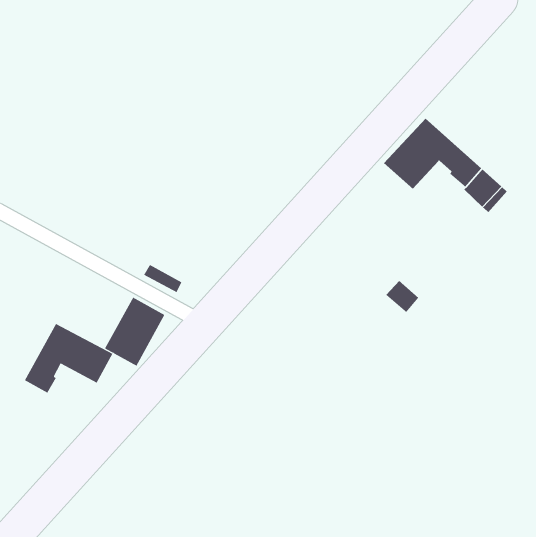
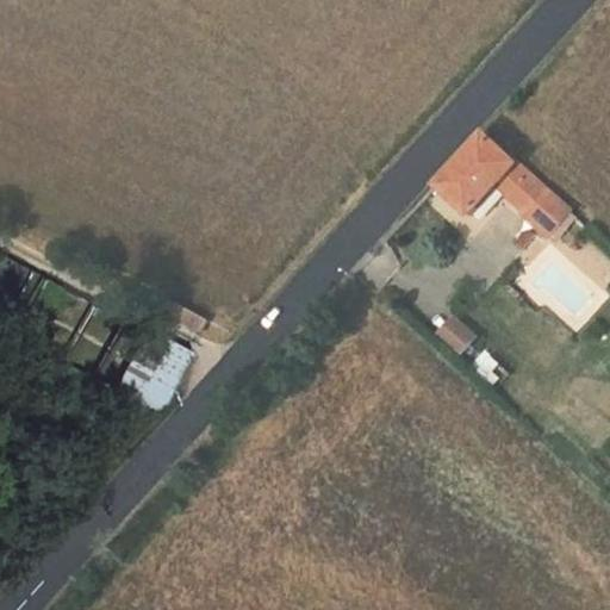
building: [24,323,113,393] -> none

